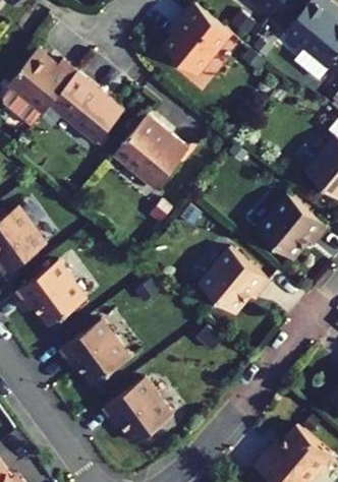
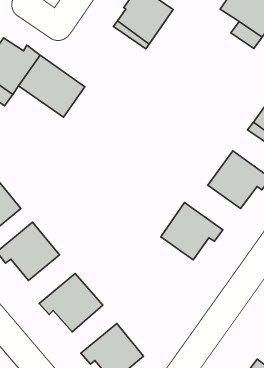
building: [118,115,195,191] -> none

